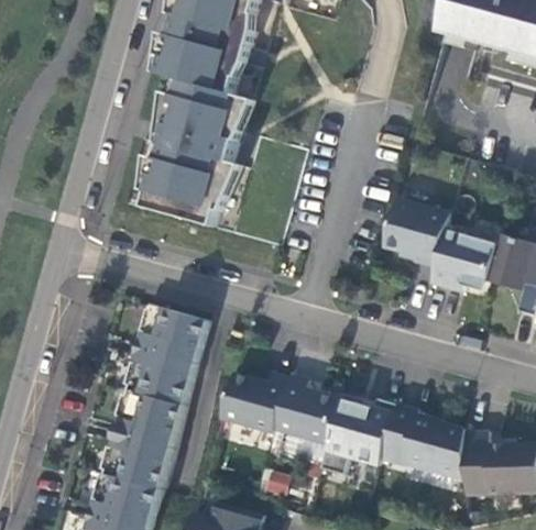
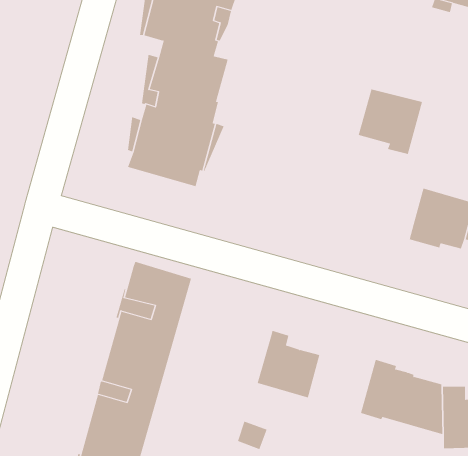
building: [383,199,449,266] -> [358,89,423,155]
building: [221,373,289,432] -> none
building: [321,393,396,475] -> none

